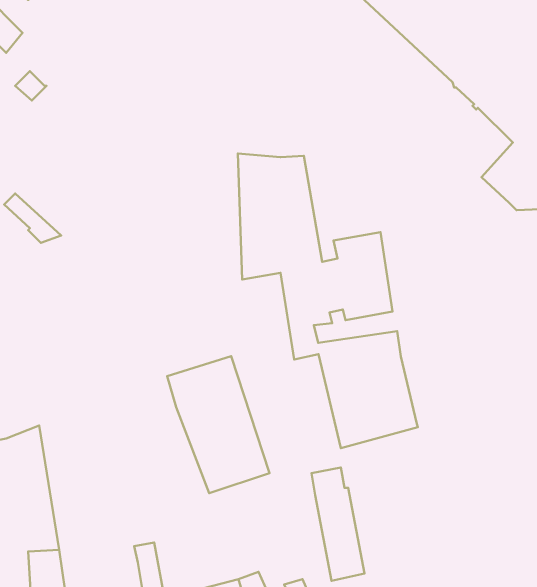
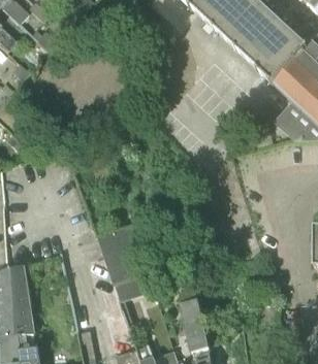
building: [238,154,418,448] -> none

